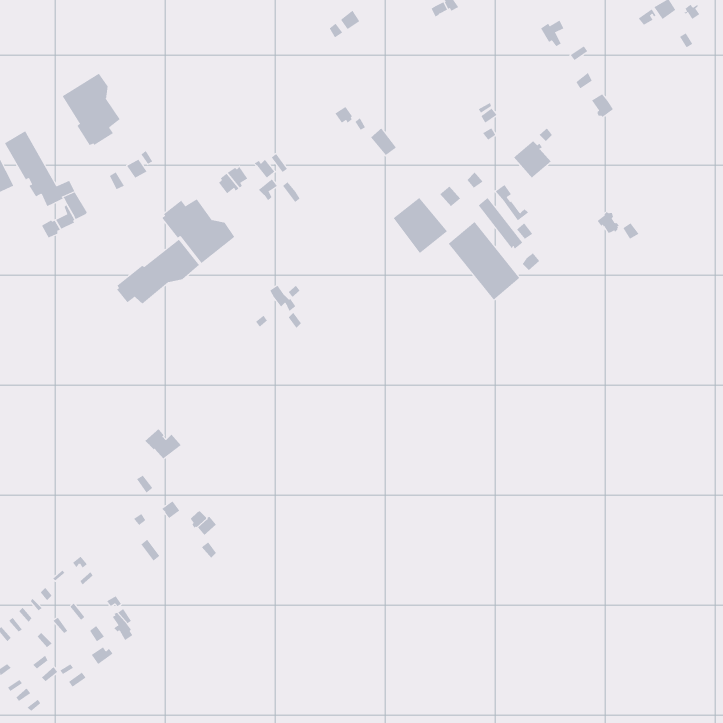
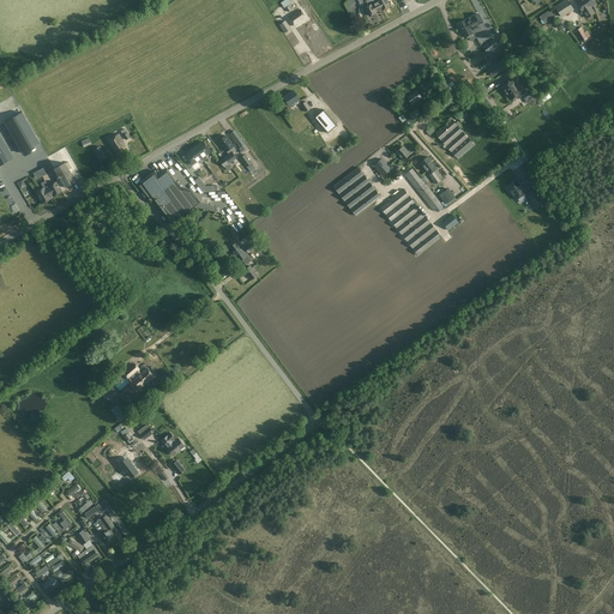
building: [62,73,121,146] -> none
building: [116,239,200,304] -> none

